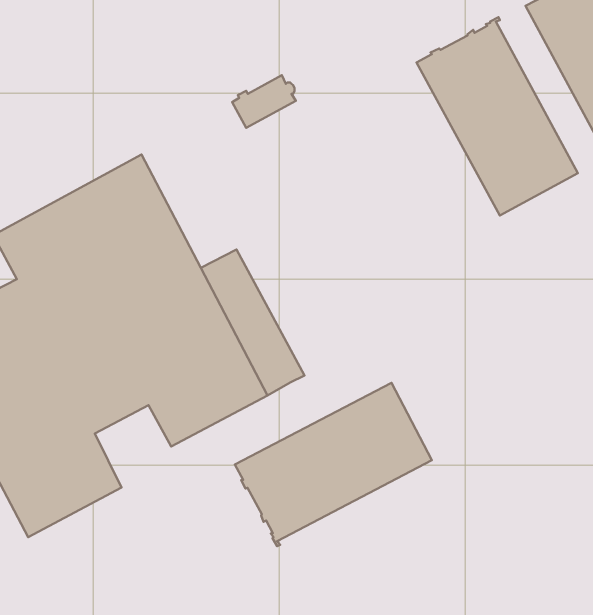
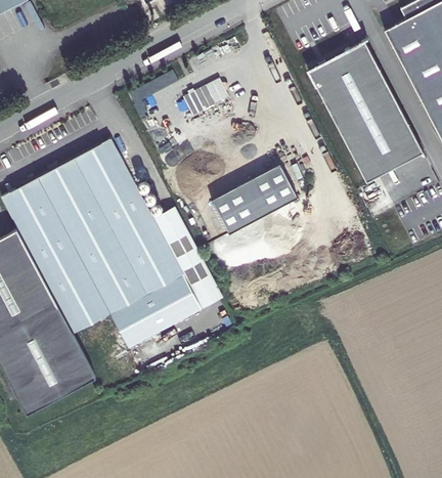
building: none -> [202,167,289,237]
building: [235,383,432,546] -> none

